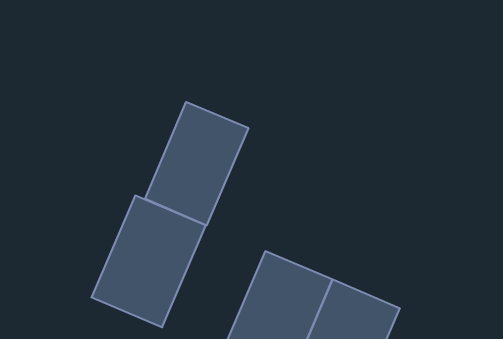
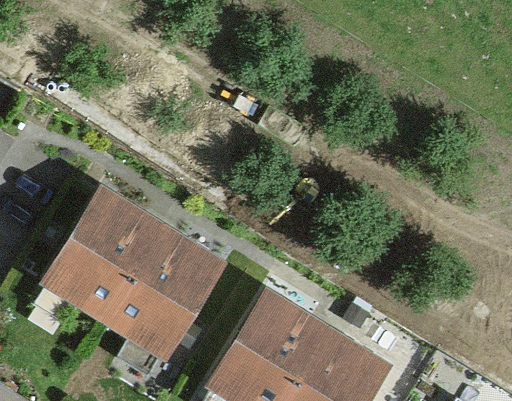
building: [145,102,248,226] -> none
building: none -> [48,192,158,313]

